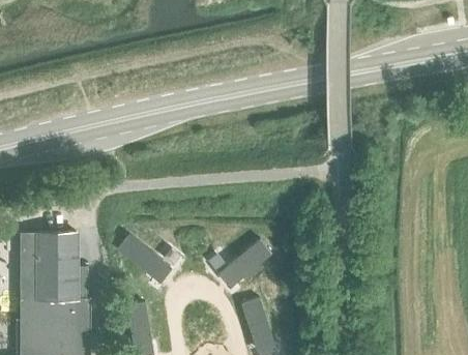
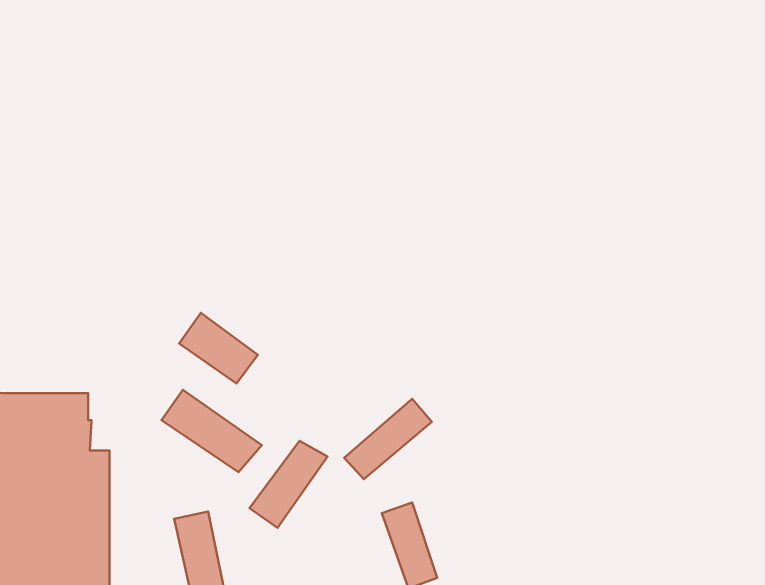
building: none -> [179,313,258,384]
building: none -> [250,441,328,528]

